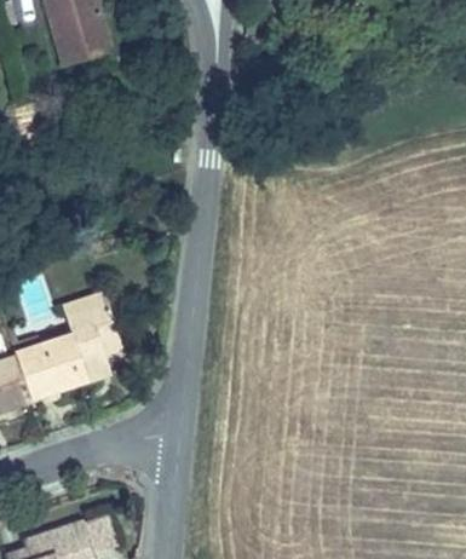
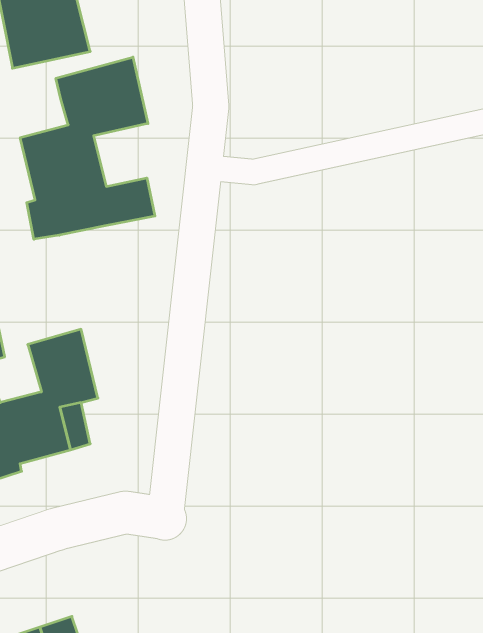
building: none -> [20,57,155,239]

